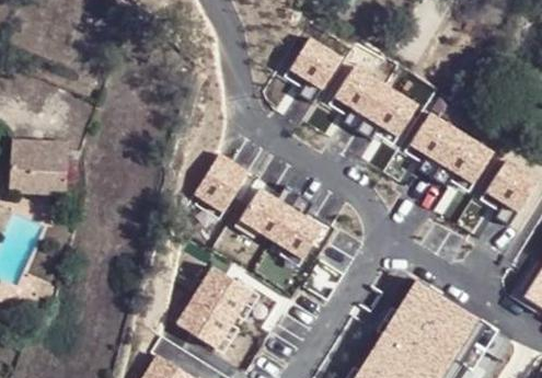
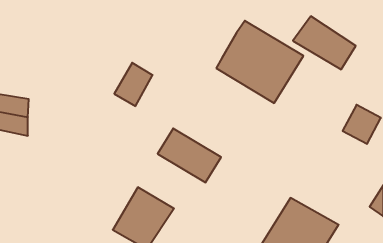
building: [287,37,344,93] -> none
building: [407,112,492,183] -> [293,16,356,69]
building: [196,154,247,213] -> [114,63,153,106]

